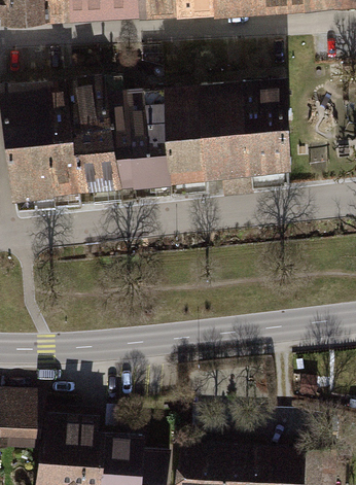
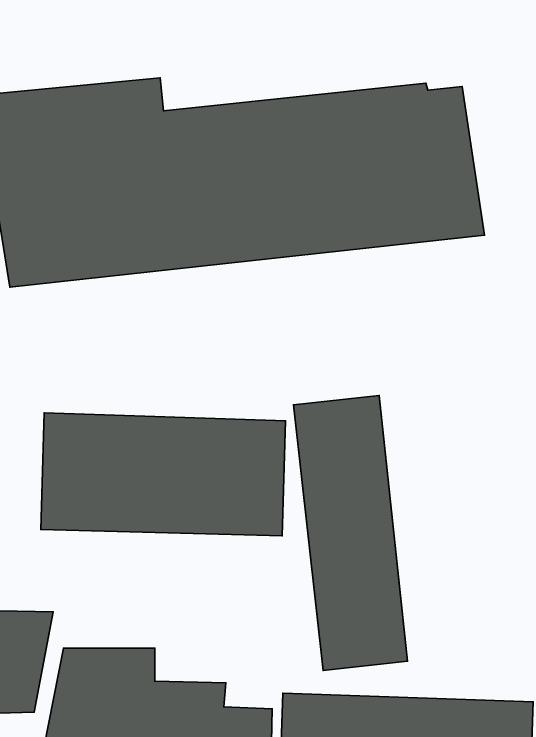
building: none -> [294,396,407,670]
building: none -> [41,413,285,536]

